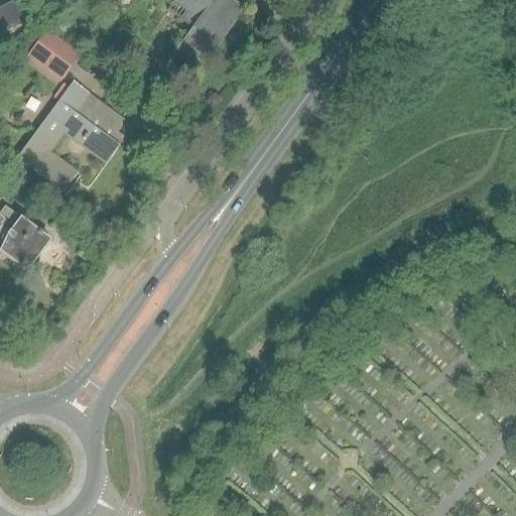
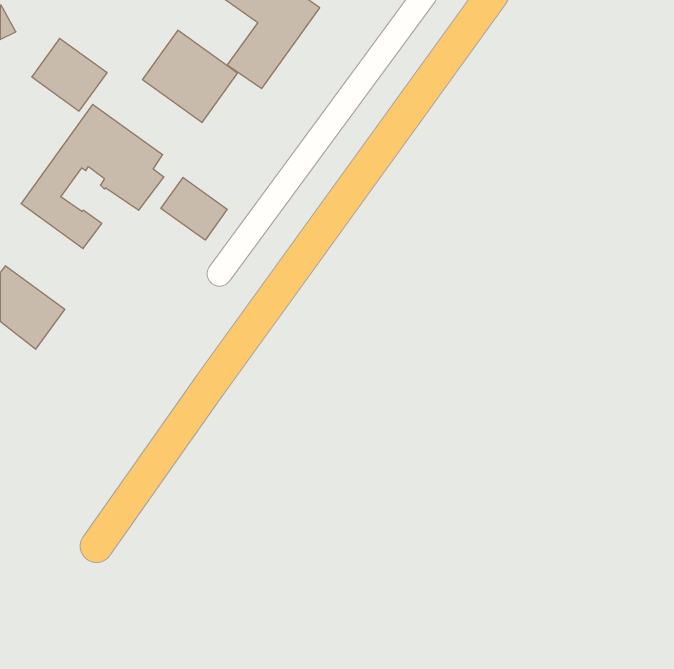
building: none -> [143,30,238,123]
building: none -> [161,177,227,240]

